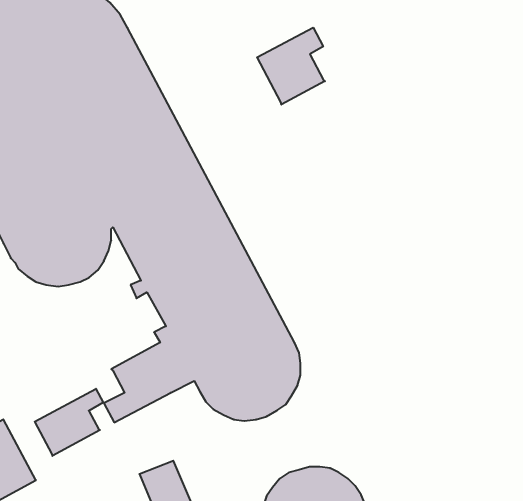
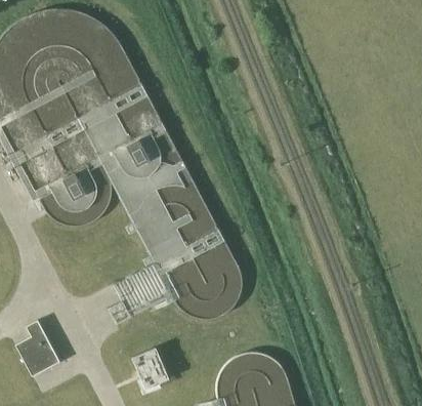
building: [257,28,325,105] -> none
building: [35,389,103,456] -> none

